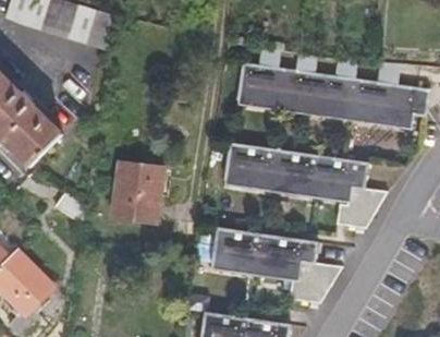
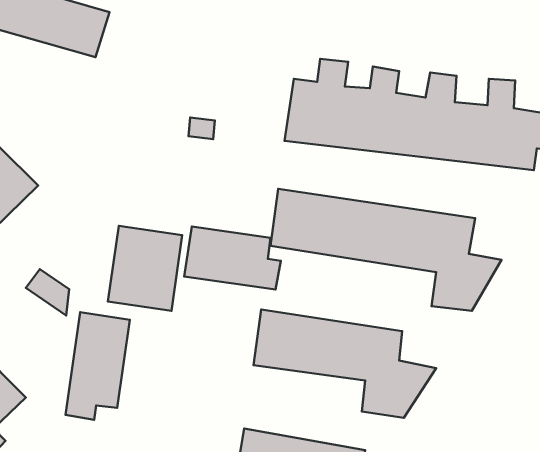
building: none -> [184,227,281,290]
building: none -> [66,312,130,420]

